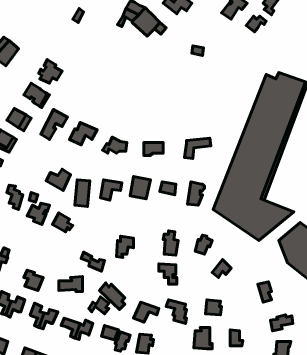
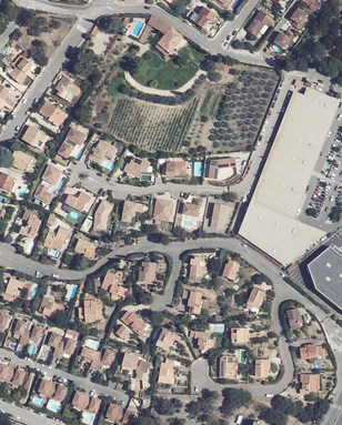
building: none -> [32,164,60,204]

